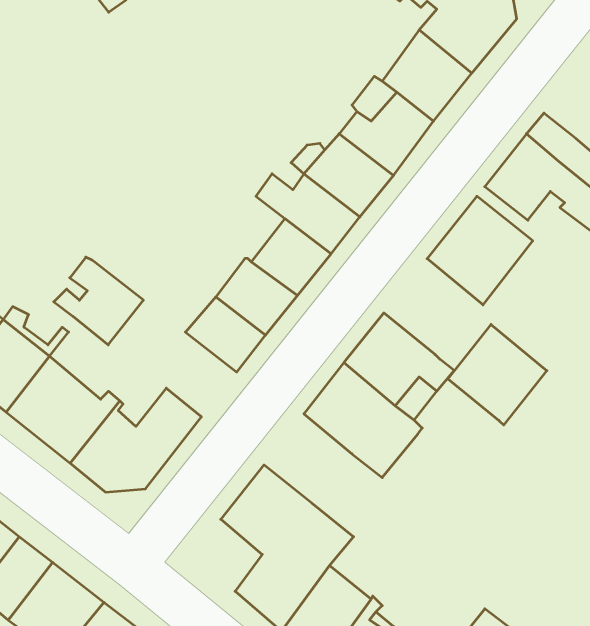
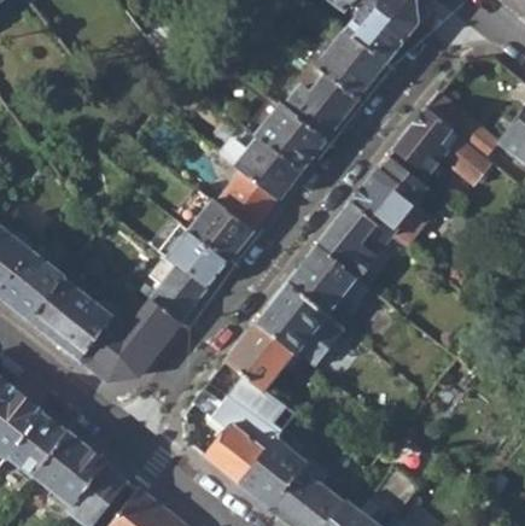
building: [54,257,143,345] -> [139,257,206,323]
building: [448,324,547,425] -> [317,204,392,280]
building: none -> [227,321,293,388]

